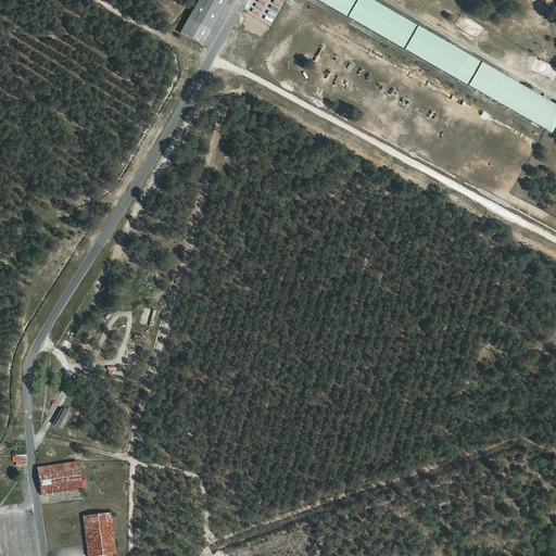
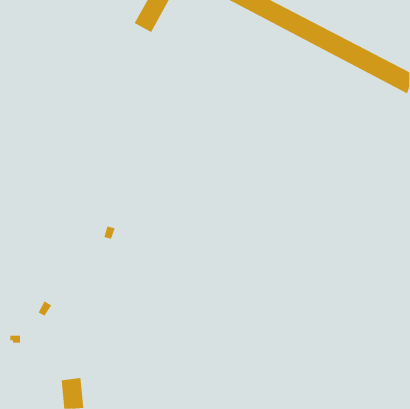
building: [36,459,80,492] -> none

